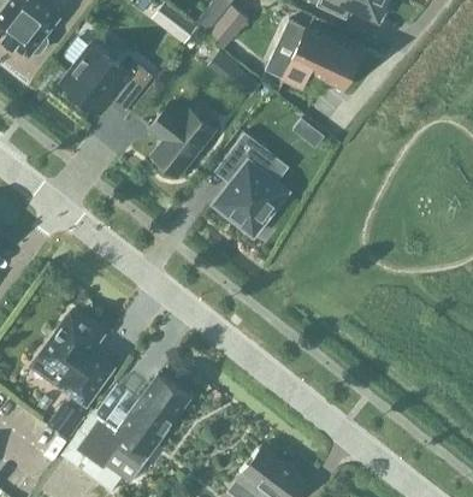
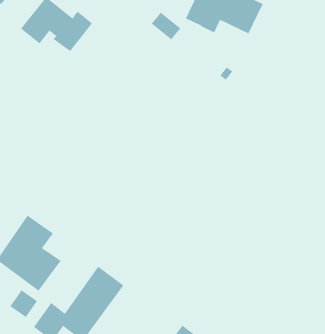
building: [148,103,215,176] -> none
building: [213,132,288,236] -> none

